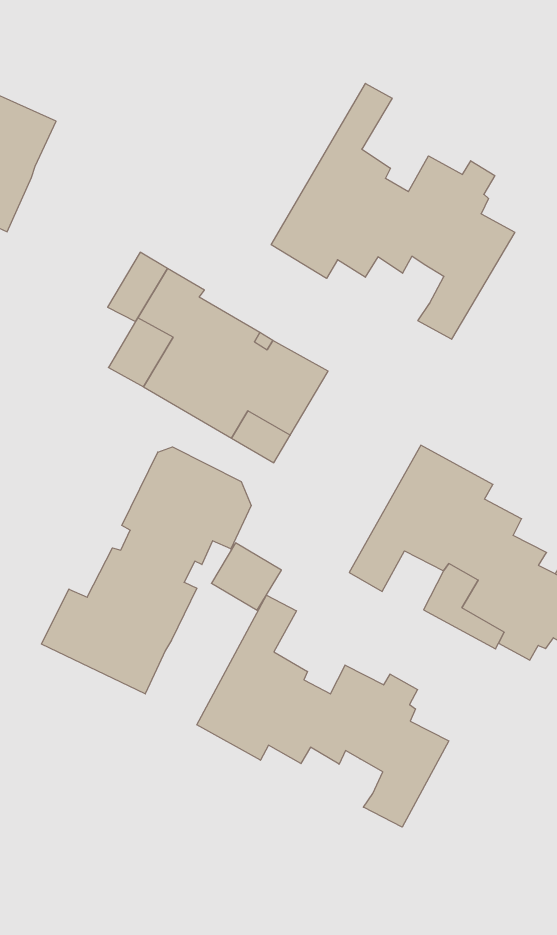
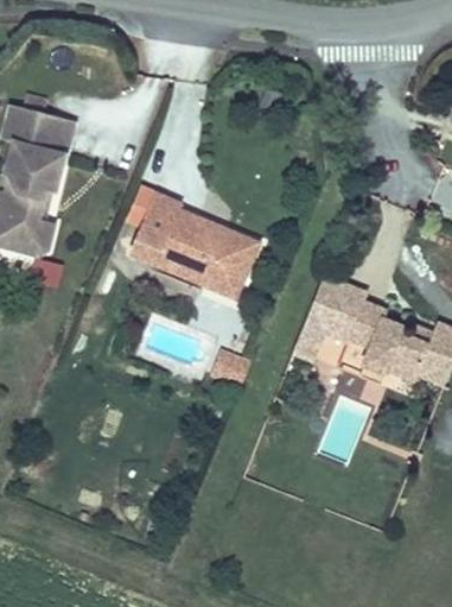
building: [271,83,515,339] -> none
building: [41,447,251,694] -> none
building: [197,595,449,827] -> none

